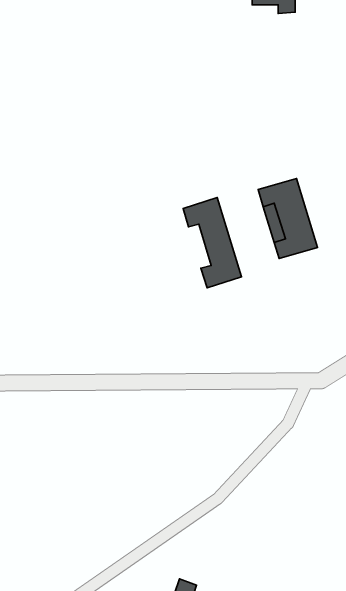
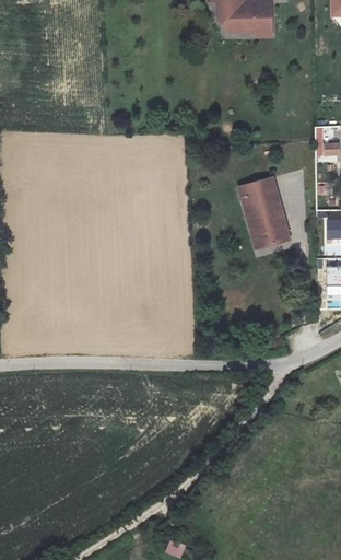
building: [183,197,241,288] -> none

